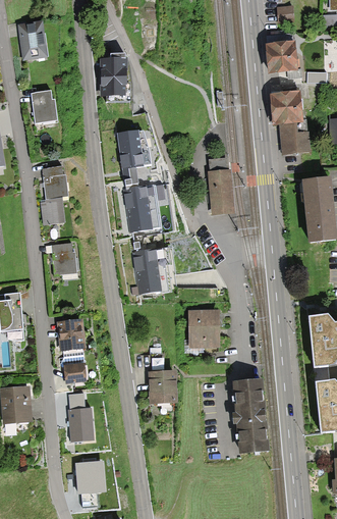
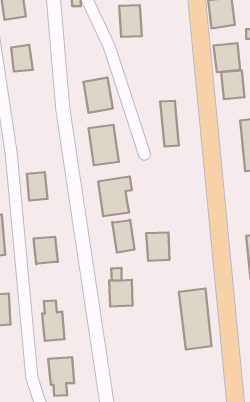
building: [100,55,126,93] -> [119,5,142,37]
building: [38,166,64,222] -> none
building: none -> [112,220,134,253]
building: [63,348,87,382] -> none

